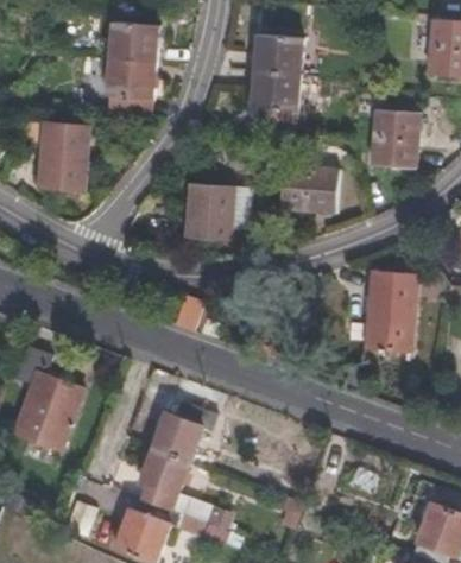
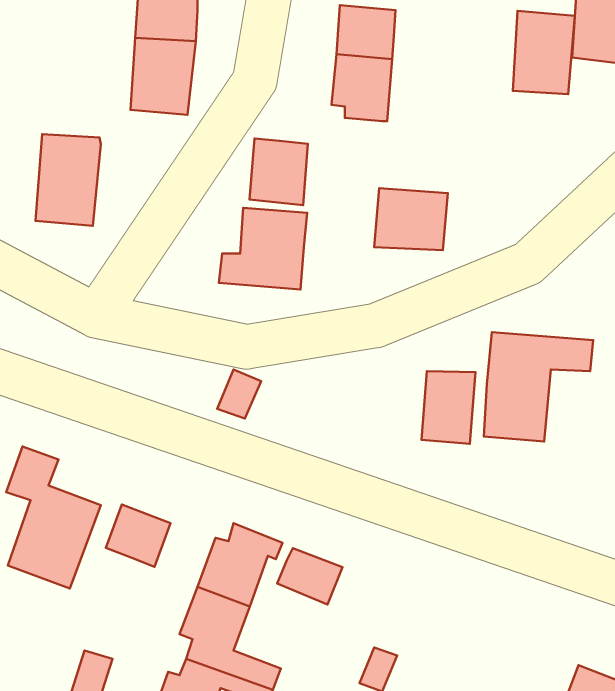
building: [370,103,415,164] -> [513,11,575,94]
building: none -> [250,139,308,205]
building: none -> [422,371,476,444]
building: none -> [106,504,171,567]
building: none -> [277,548,343,604]

